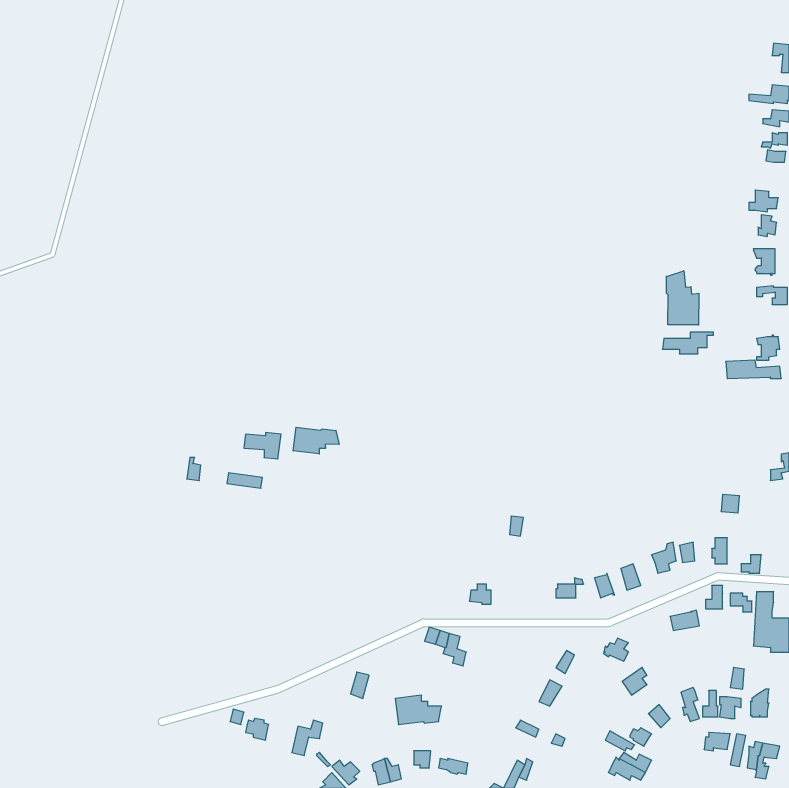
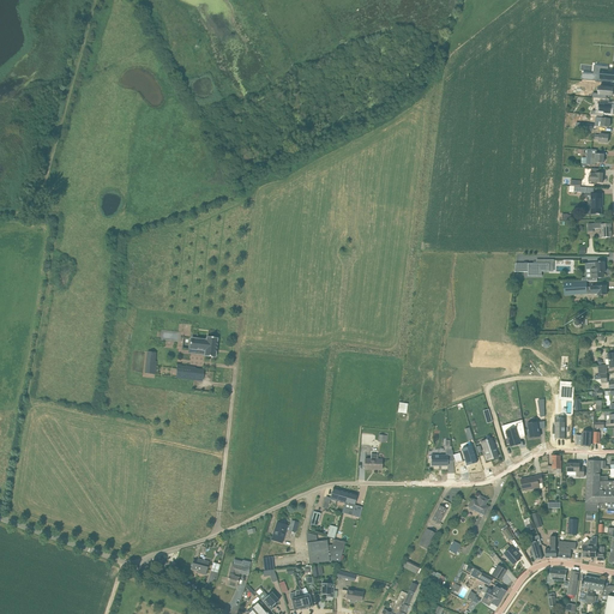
building: [666,271,699,325] -> none
building: [293,427,339,454] -> none

